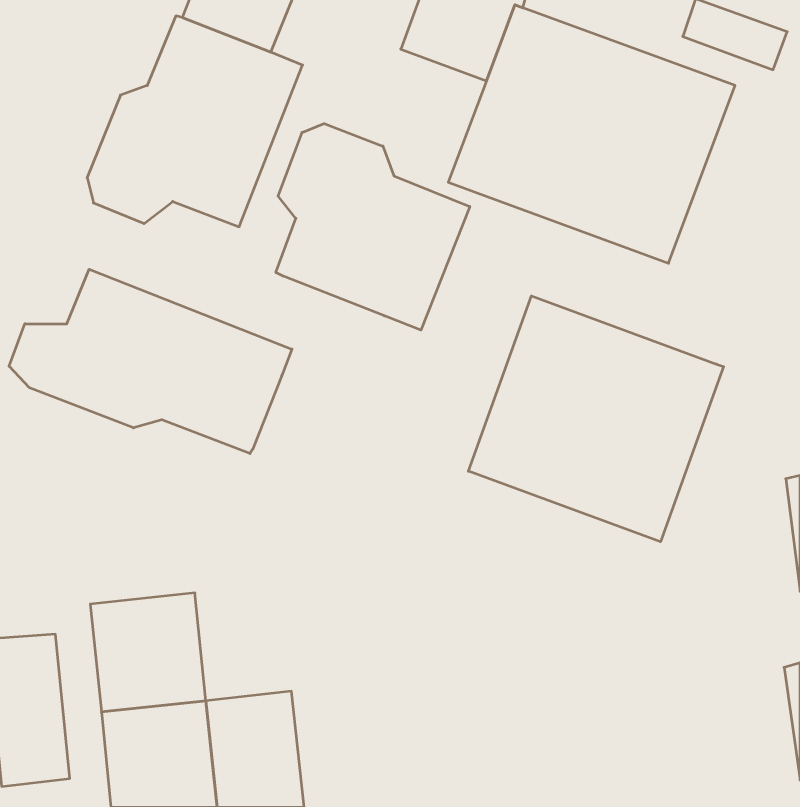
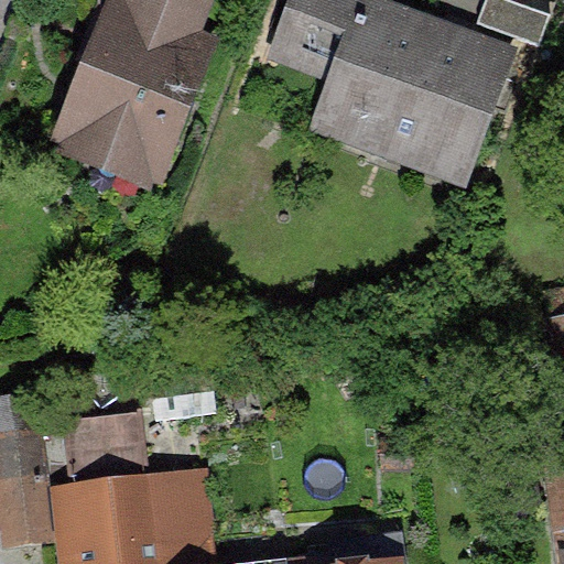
building: [276,124,470,330] -> none
building: [9,269,292,454] -> none
building: [468,296,724,542] -> none

